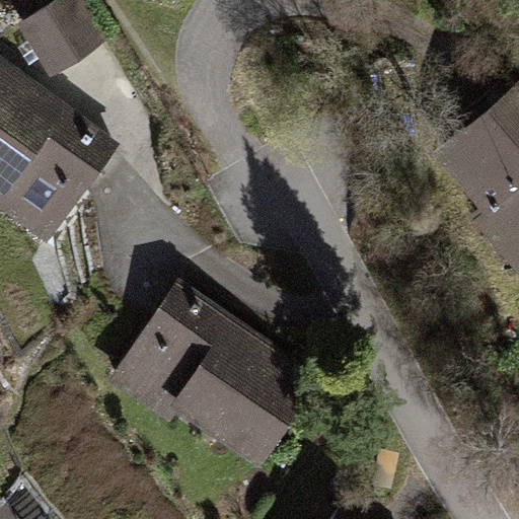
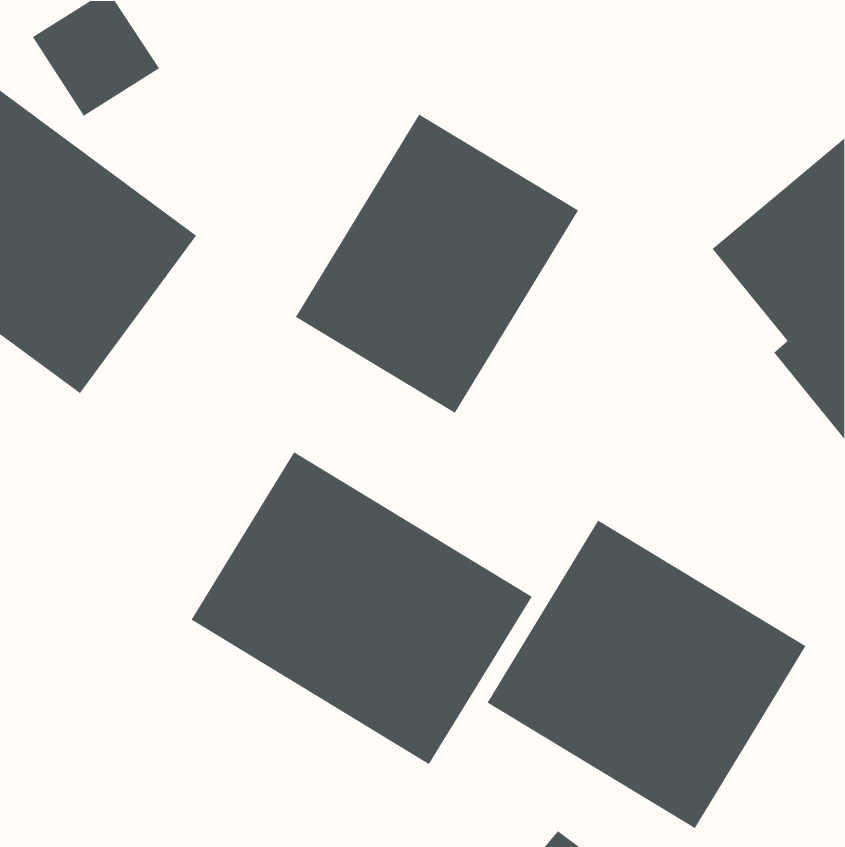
building: none -> [295,114,579,414]
building: none -> [486,520,807,829]

